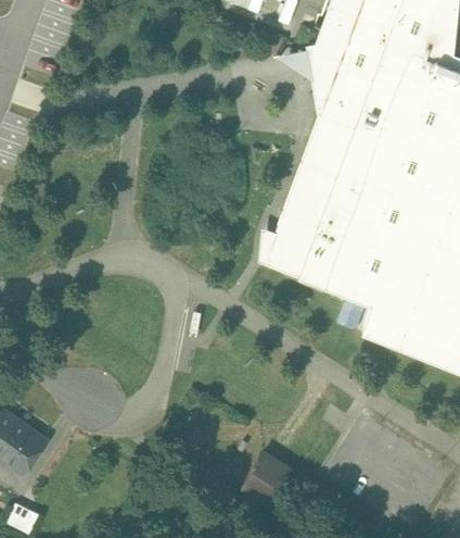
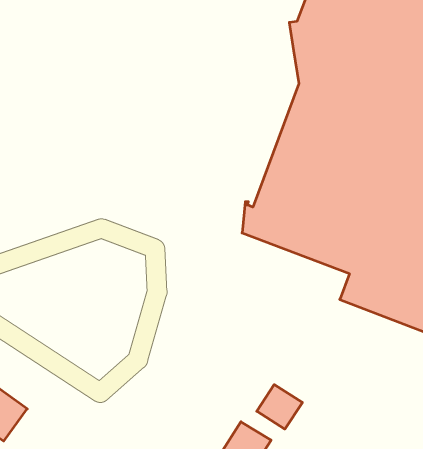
building: none -> [257,385,302,429]

